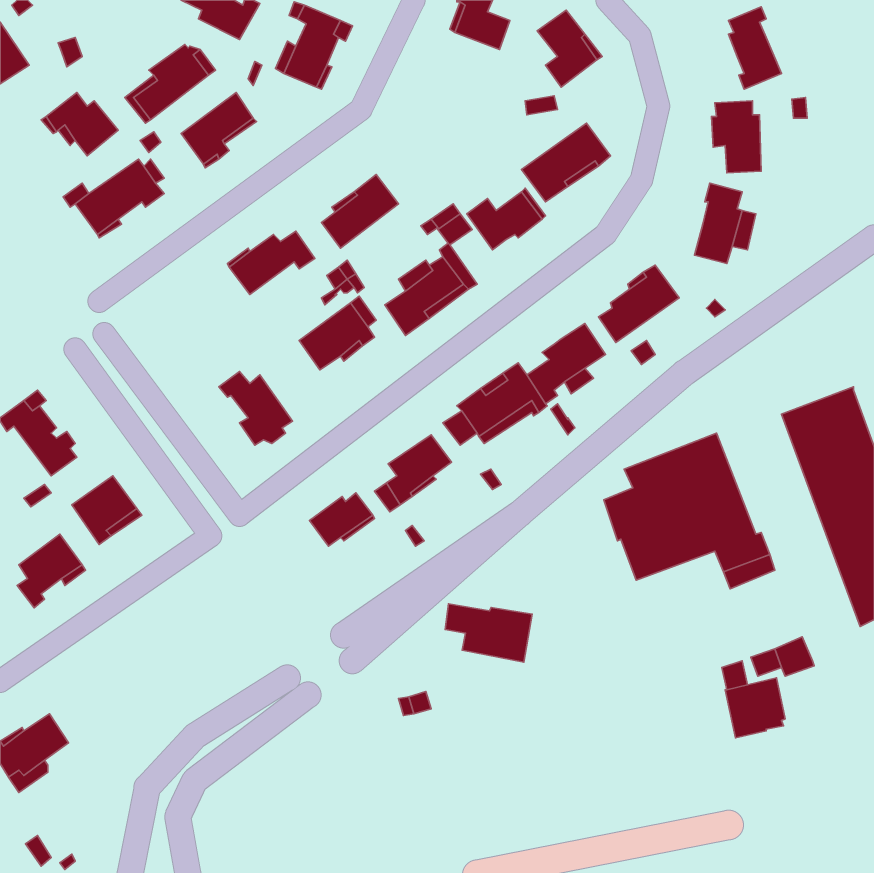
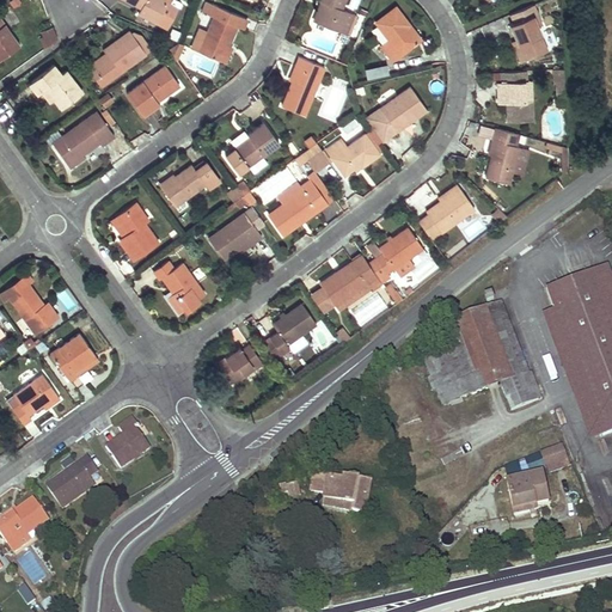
building: none -> [282,57,325,116]
building: none -> [112,203,158,261]
building: none -> [105,418,151,470]
building: [445,604,532,662] -> [311,475,372,515]
building: none -> [47,459,102,509]

